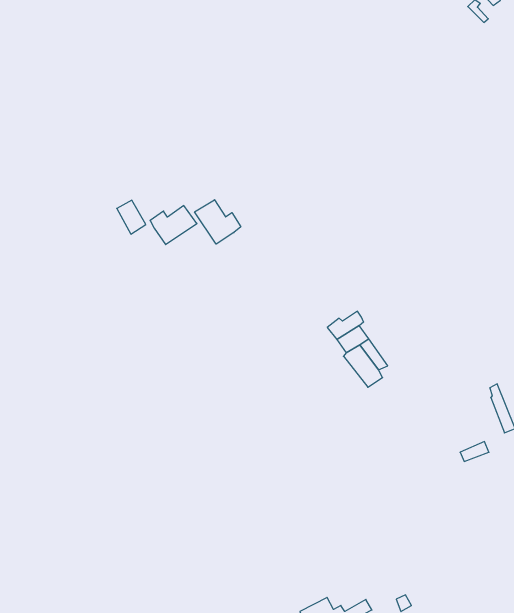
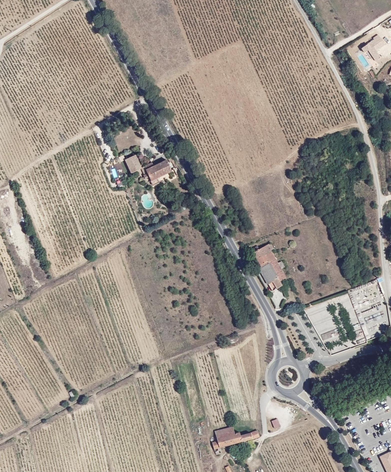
building: [195,200,241,244] -> none

